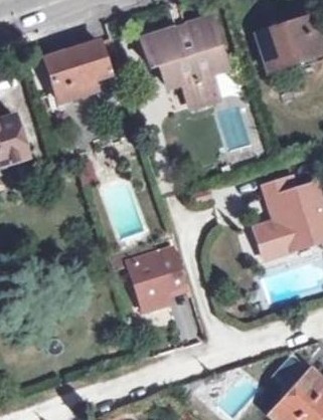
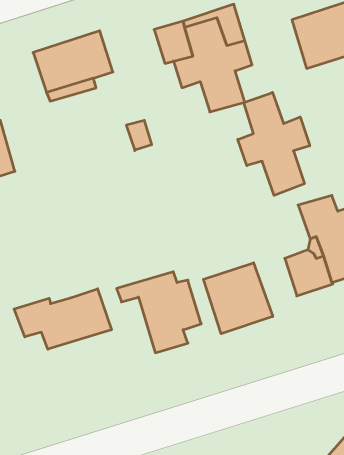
building: none -> [238,92,310,195]
building: none -> [203,263,273,334]
building: none -> [14,289,111,349]

